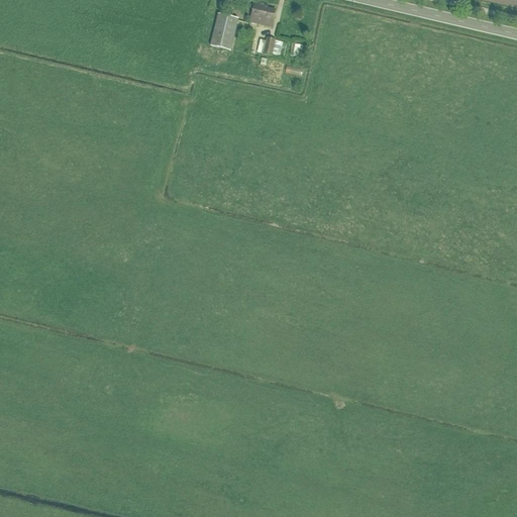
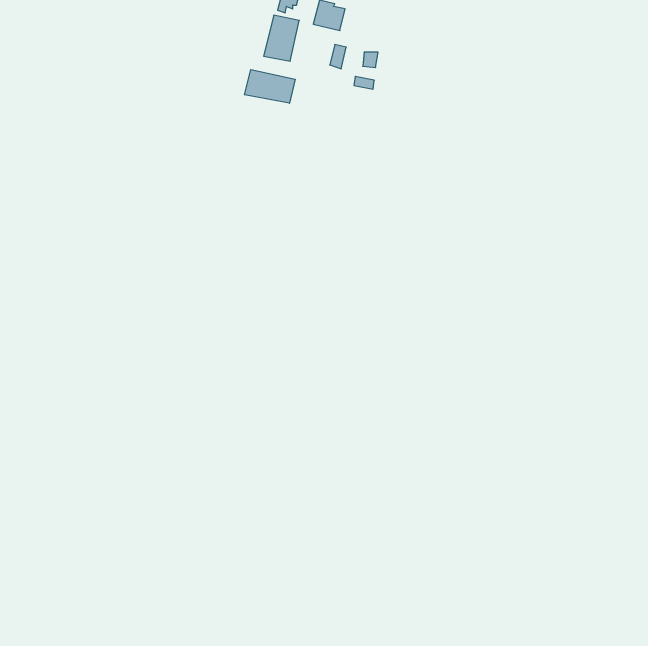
building: none -> [244,70,295,103]

